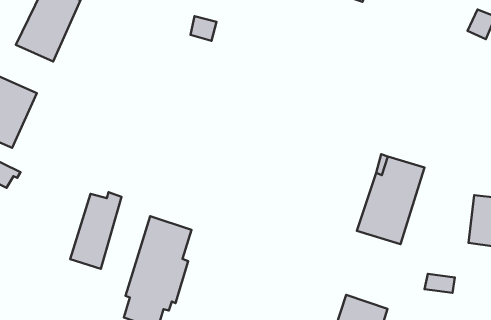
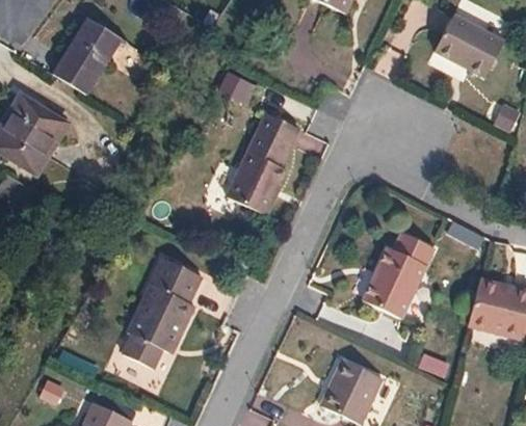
building: none -> [227,113,299,215]
building: [70,192,121,269] -> none

